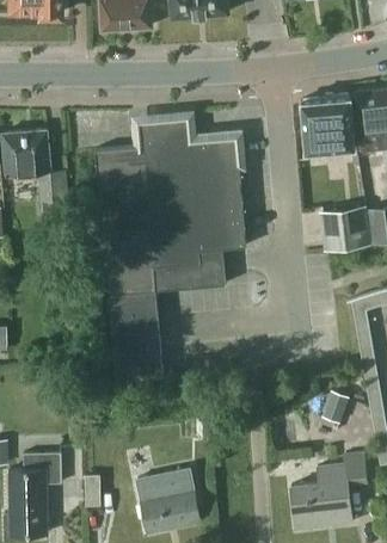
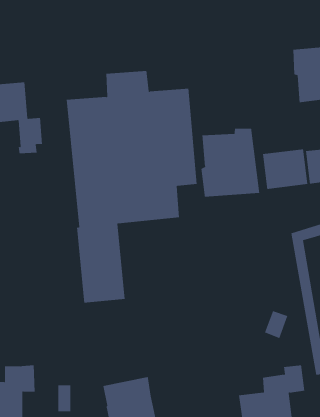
building: [300,97,354,153] -> none
building: none -> [201,128,260,198]

